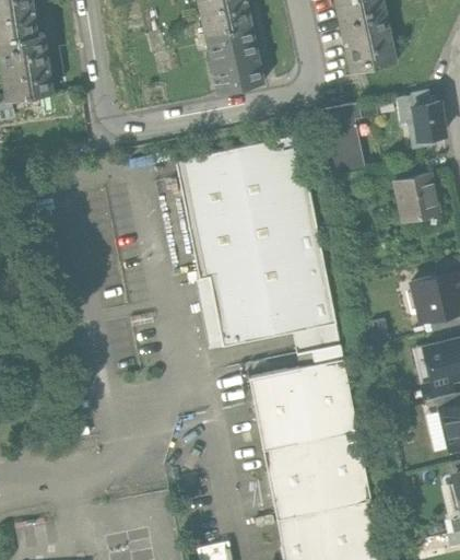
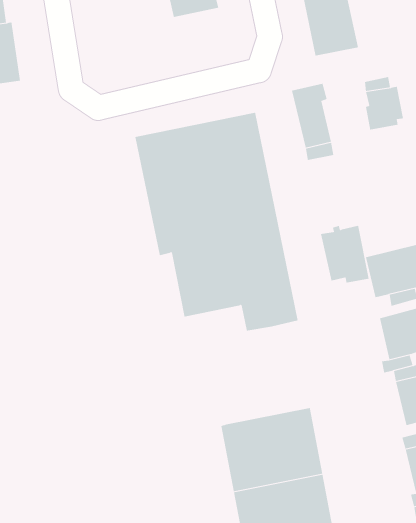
building: [210,25,269,92] -> none
building: [396,171,446,230] -> [320,225,370,283]
building: [247,343,355,450] -> none

